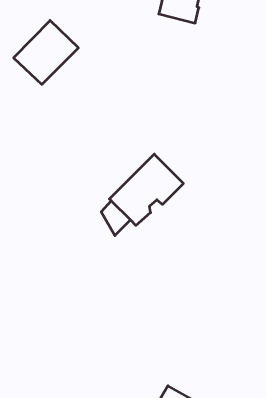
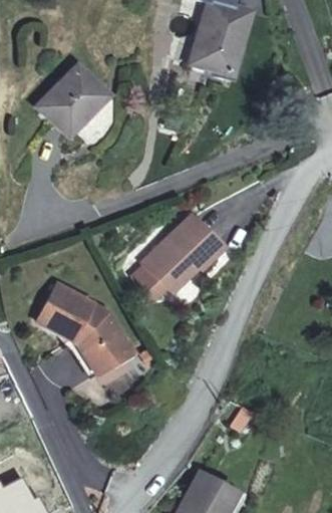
building: none -> [35,286,131,375]

